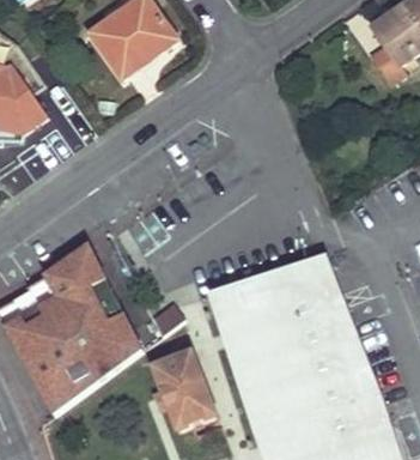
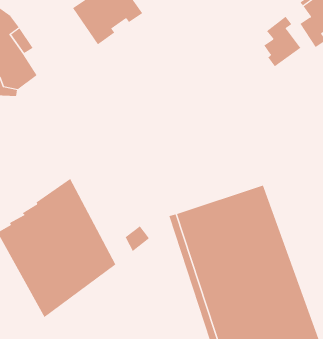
building: none -> [264,16,301,67]
building: [153,352,217,429] -> none

